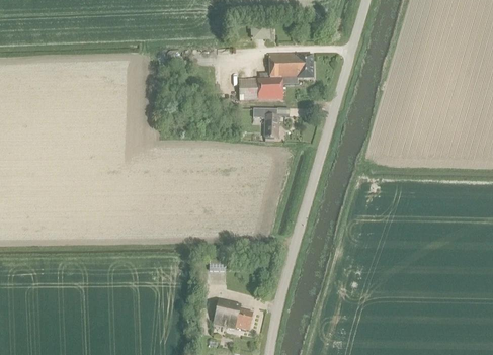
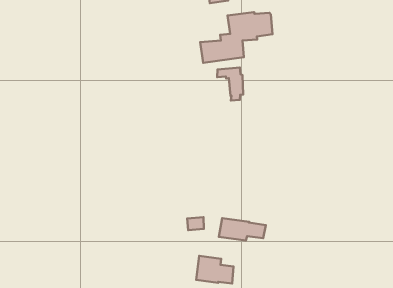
building: none -> [219,218,266,241]

